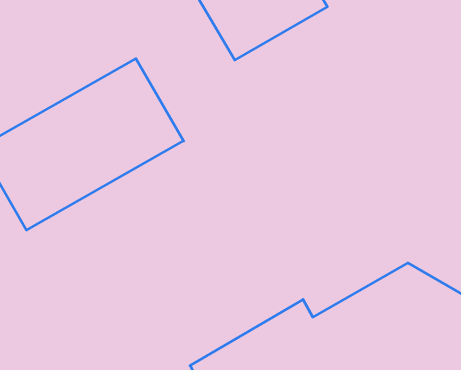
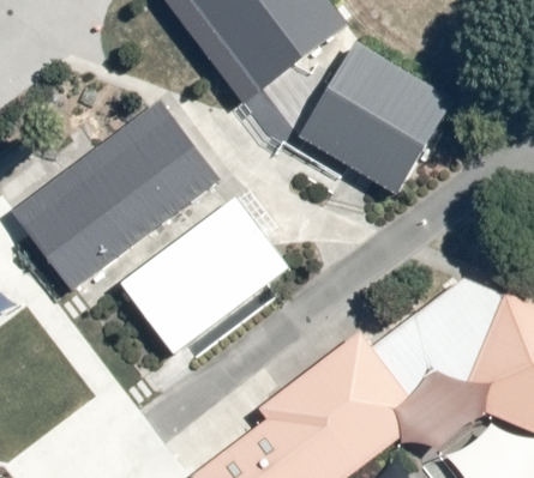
building: none -> [299,43,454,195]
building: none -> [120,198,289,355]

